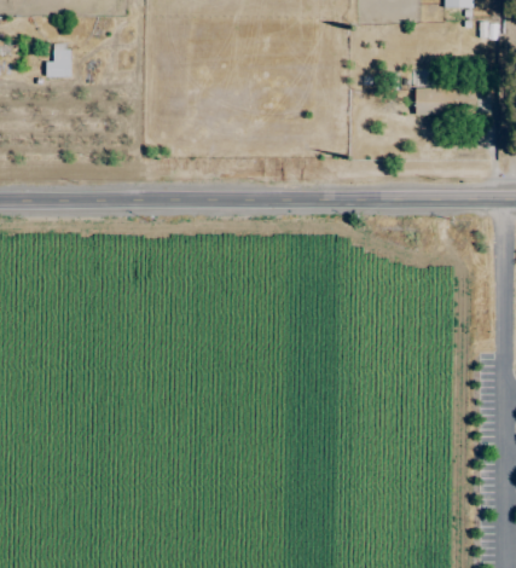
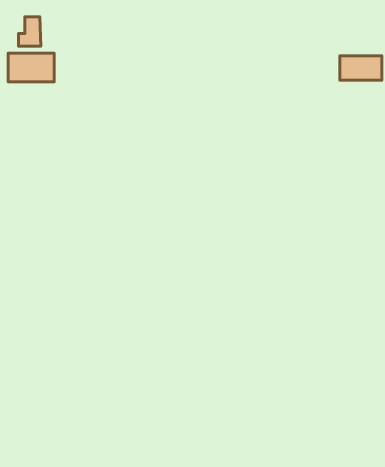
building: none -> [8,53,54,82]

